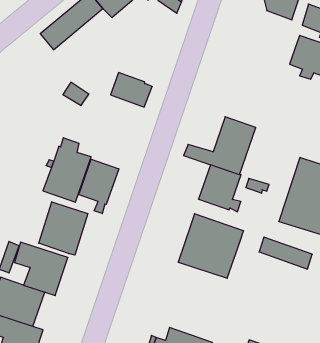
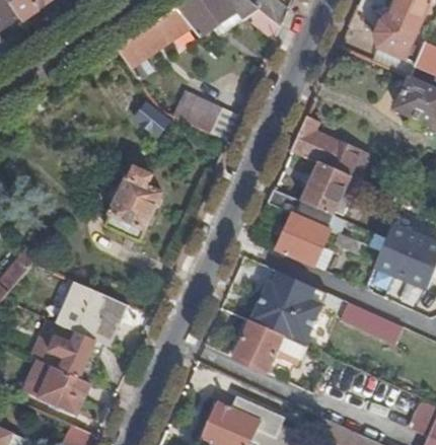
building: none -> [289,115,367,181]
building: [78,159,119,214] -> none
building: [39,202,88,255] -> none
building: none -> [232,320,304,371]

